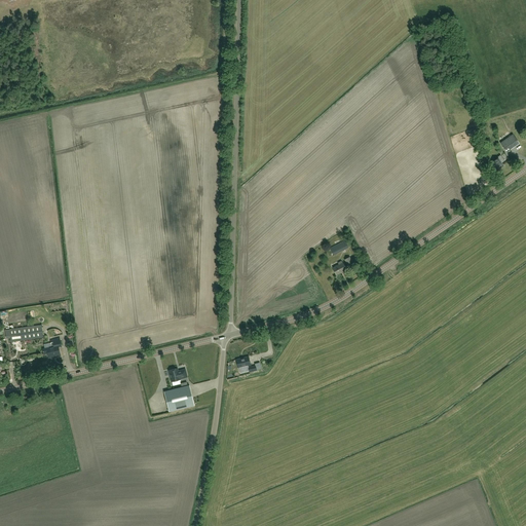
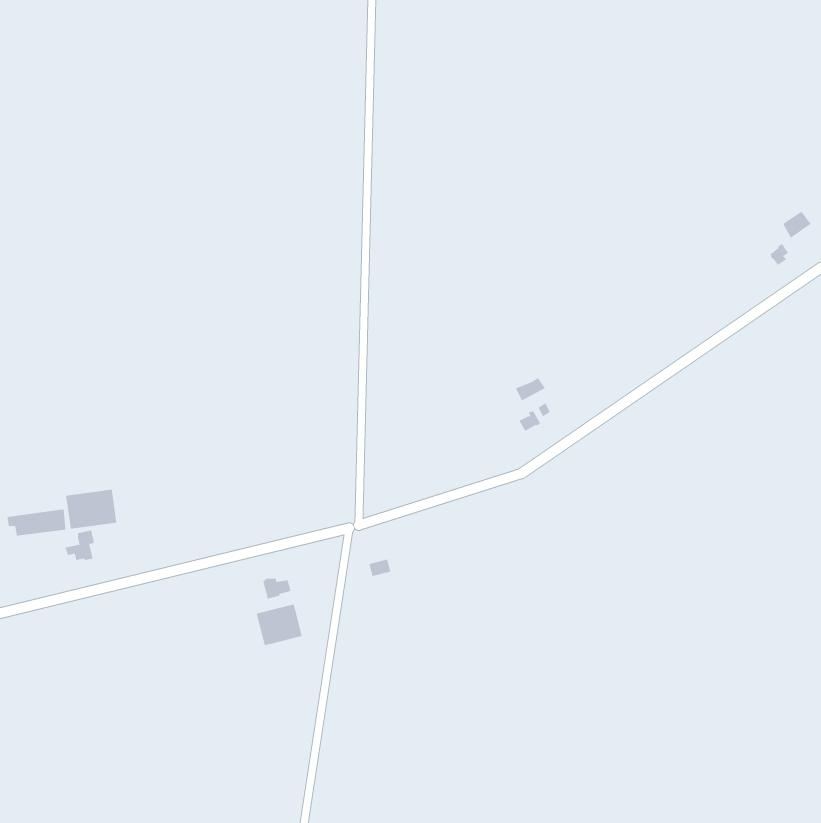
building: none -> [66,489,117,530]

